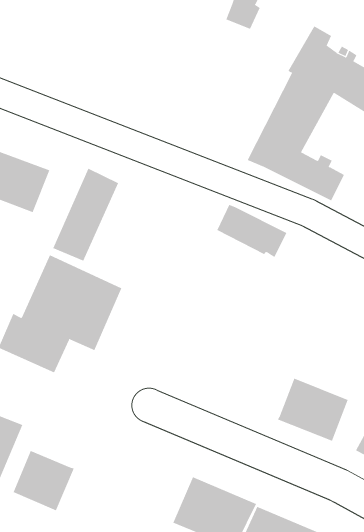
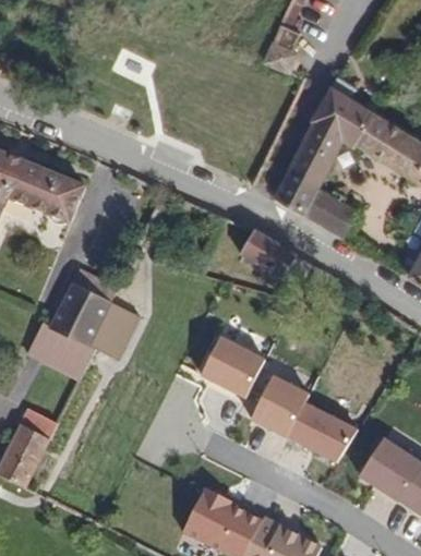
building: [52,168,119,262] -> none
building: none -> [197,338,261,398]
building: none -> [250,375,308,436]
building: [13,450,74,511] -> none

